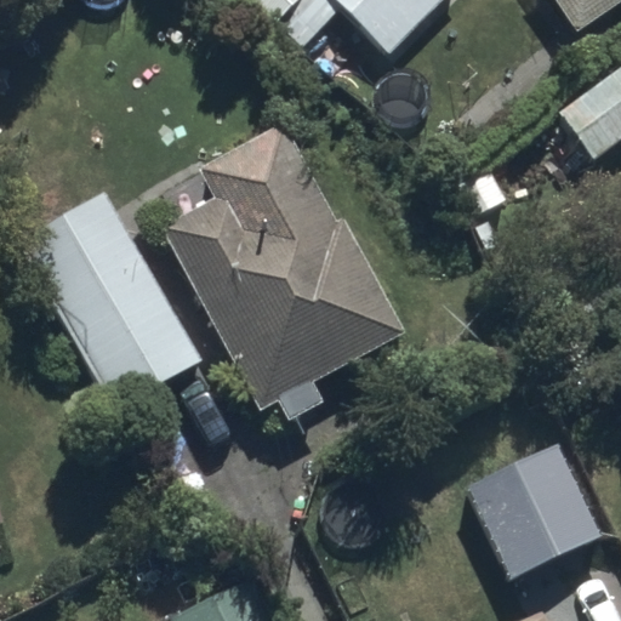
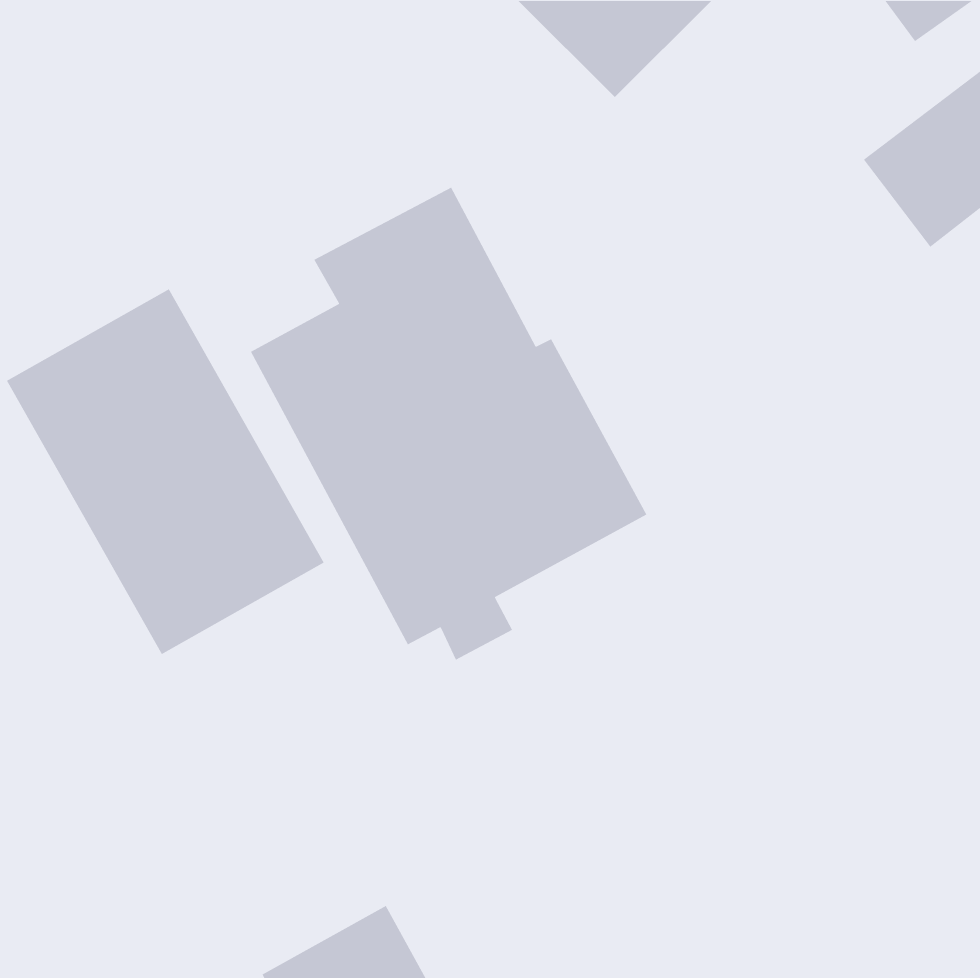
building: [462,443,604,583] -> none

